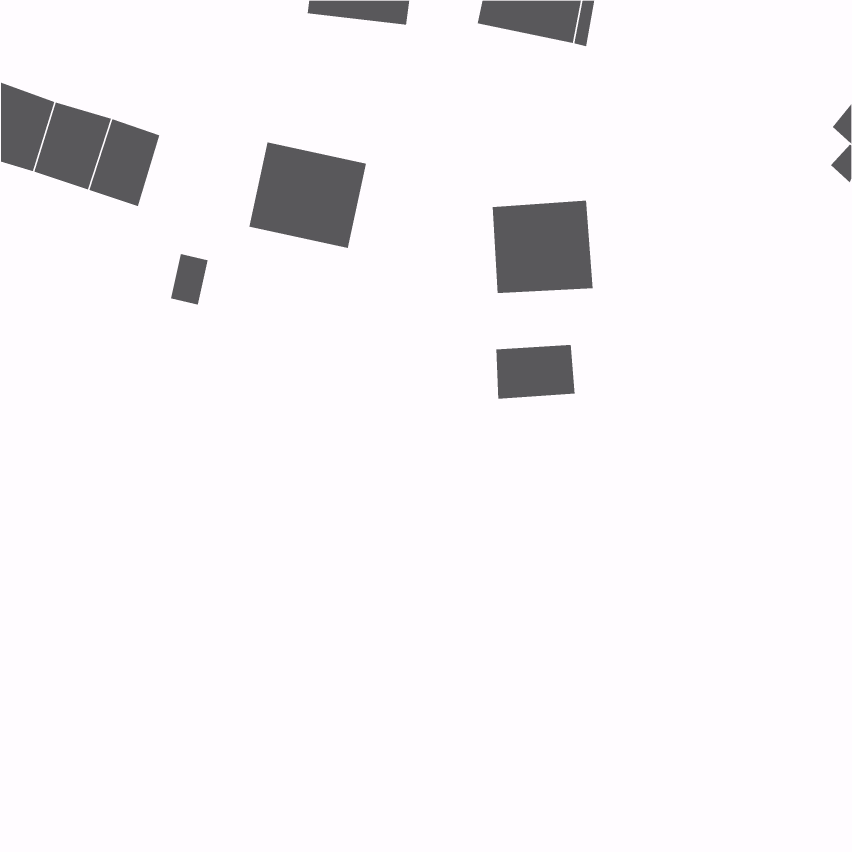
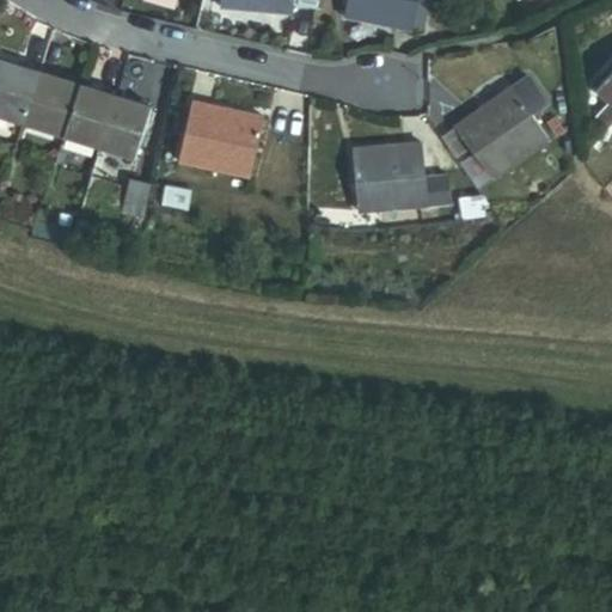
building: none -> [455,86,546,177]
building: none -> [99,97,148,158]
building: [496,344,575,400] -> none

